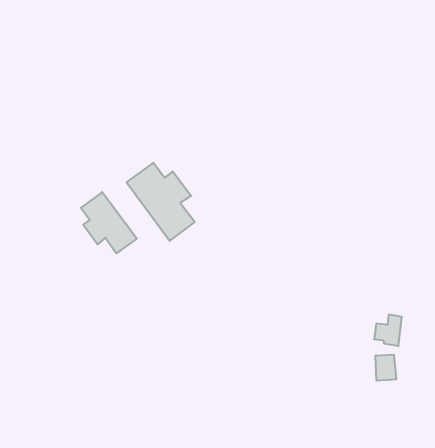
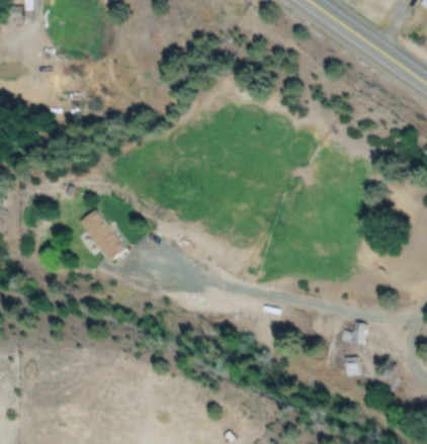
building: [127,163,195,241] -> none

